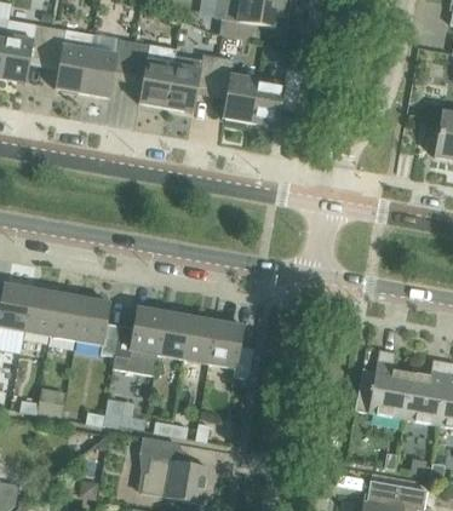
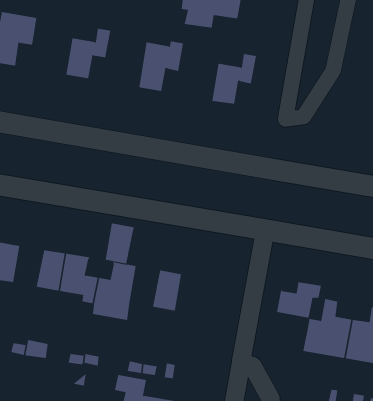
building: [45,27,92,92] -> none
building: [128,41,176,107] -> none
building: [212,56,257,122] -> none
building: [23,288,57,335] -> none
building: [156,311,190,358] -> [105,223,134,264]
building: [208,321,253,378] -> none
building: none -> [276,282,322,319]

